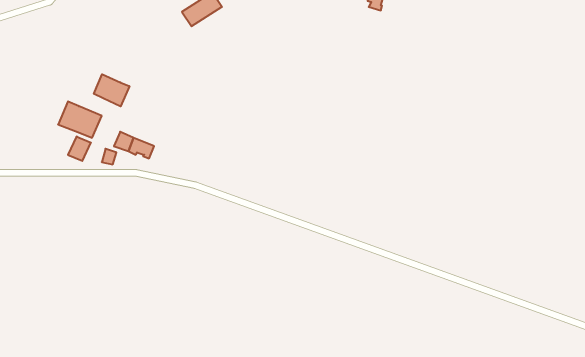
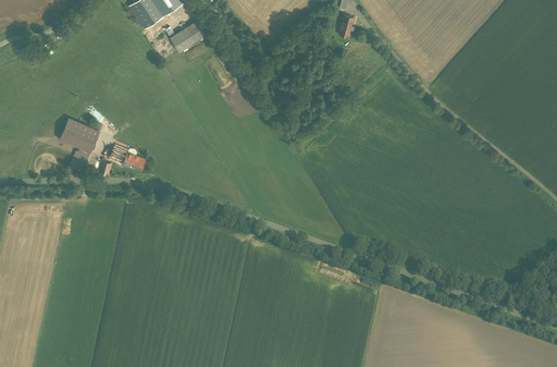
building: [94,74,129,106] -> none

